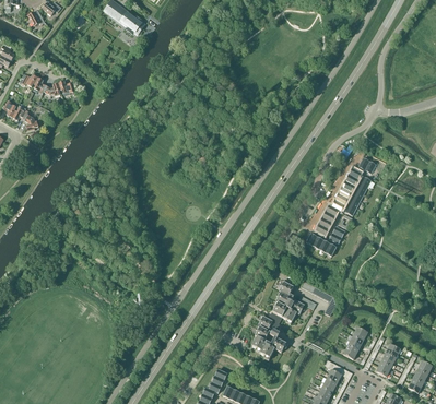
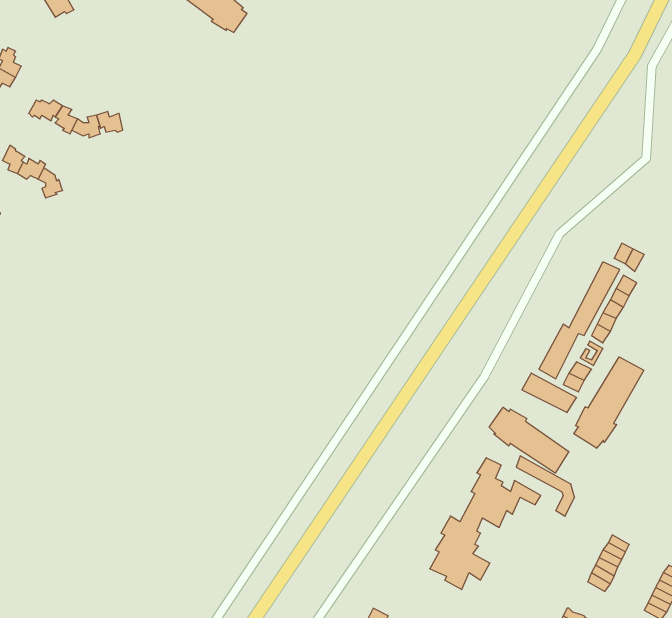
building: none -> [574,357,644,448]
building: none -> [489,407,569,473]

